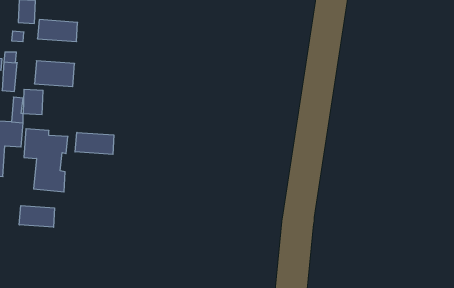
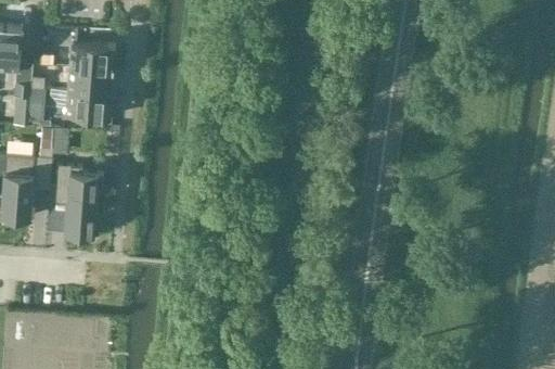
building: none -> [64,64,109,92]
building: [75,132,114,154] -> none
building: [19,206,54,227] -> none

